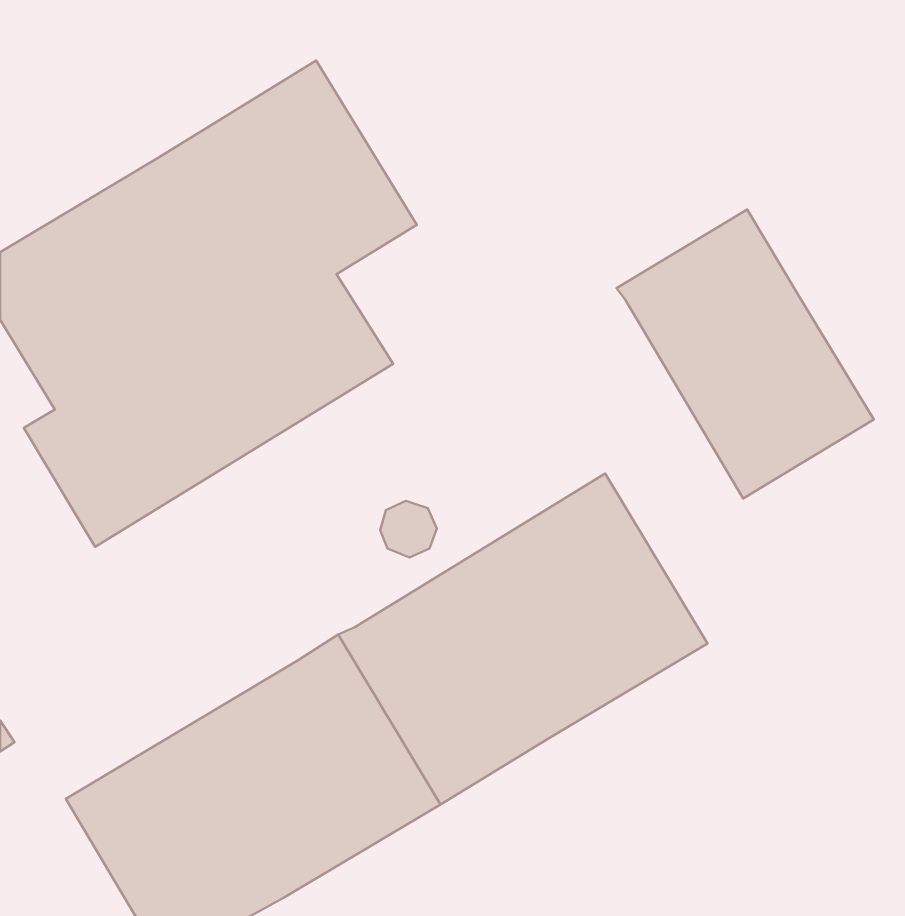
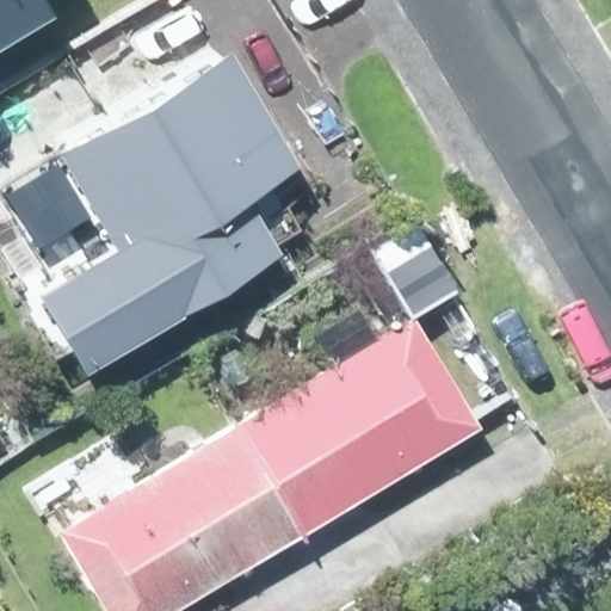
building: [616,209,874,499] -> none

